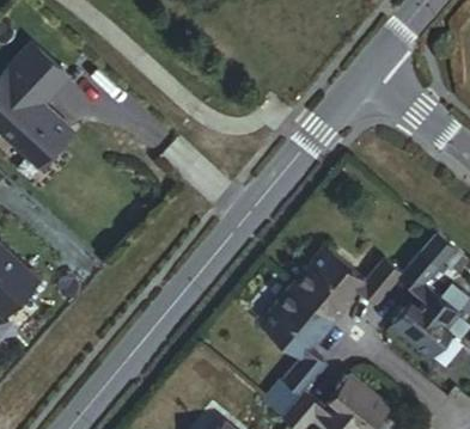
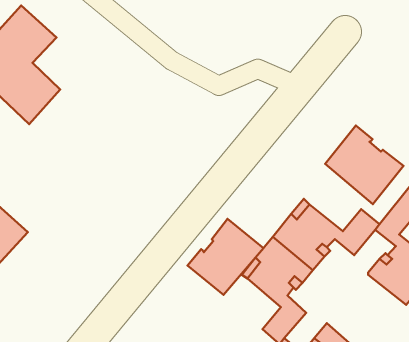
building: none -> [325,125,404,204]
building: none -> [188,219,263,295]

